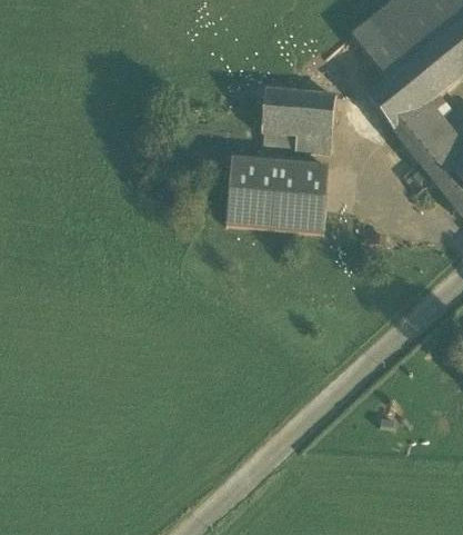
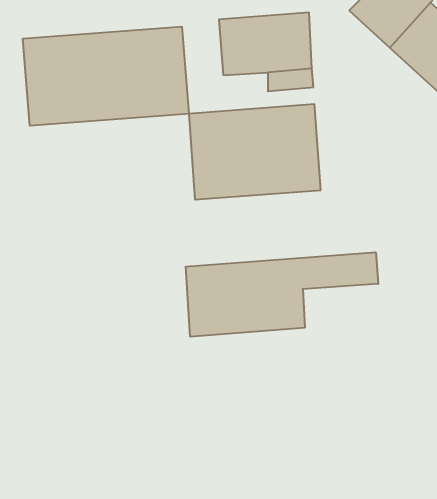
building: none -> [23,27,189,126]
building: none -> [186,252,378,337]

